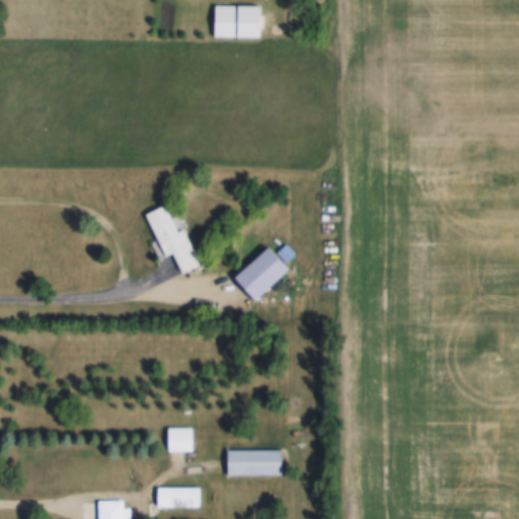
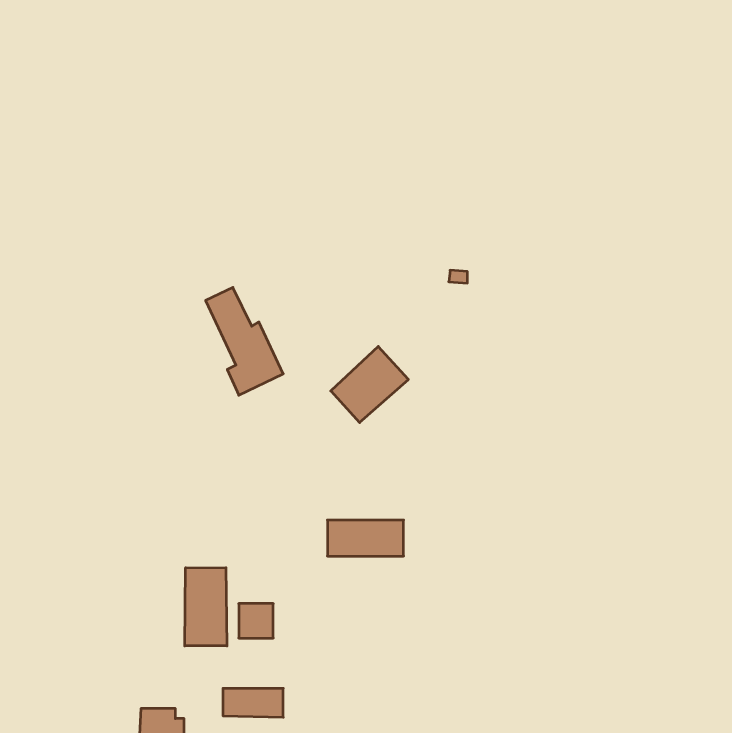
building: [215,5,260,36] -> none
building: none -> [185,568,227,646]
building: [227,450,281,475] -> [327,520,404,556]

